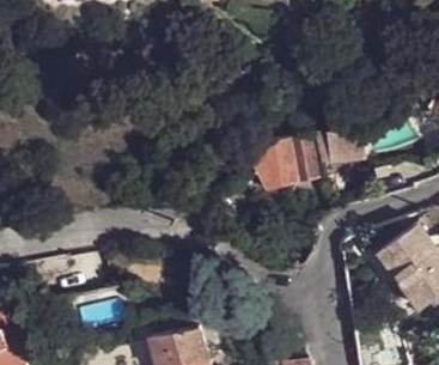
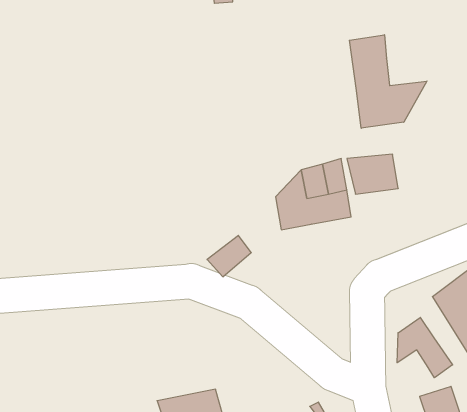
building: none -> [349,35,427,128]
building: none -> [397,317,453,378]

